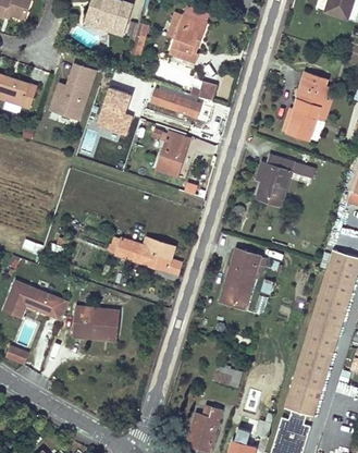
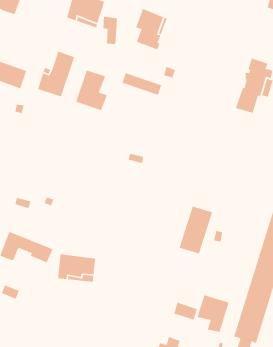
building: [156,132,187,175] -> none
building: [256,155,293,204] -> none
building: [109,236,181,274] -> none
building: none -> [196,294,229,333]

